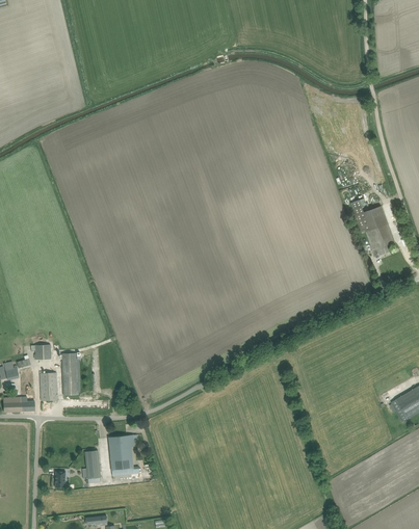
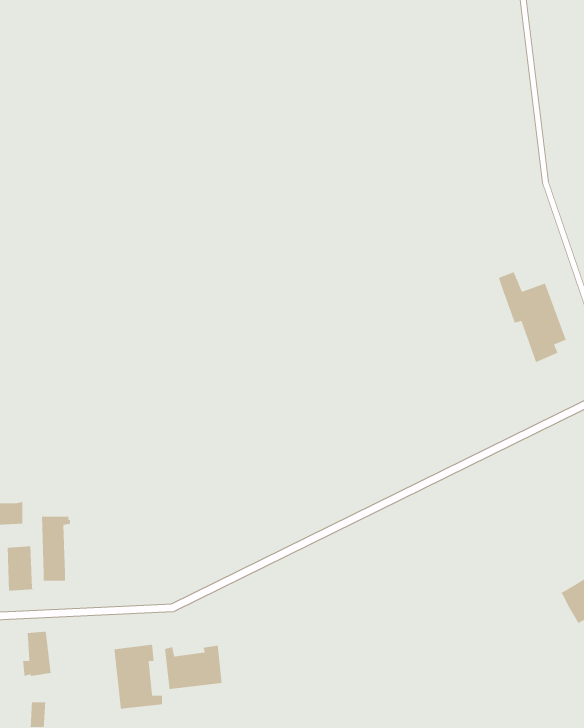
building: none -> [164,645,223,690]
building: [82,450,101,479] -> [22,631,52,677]

